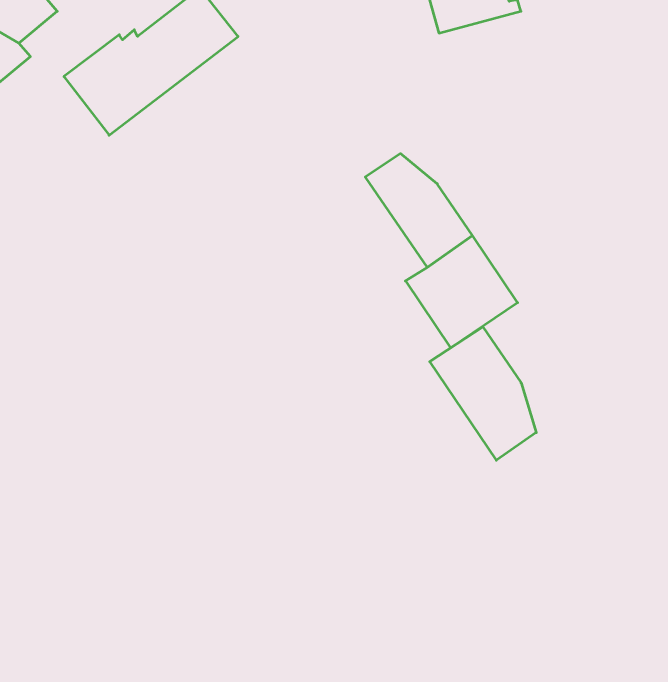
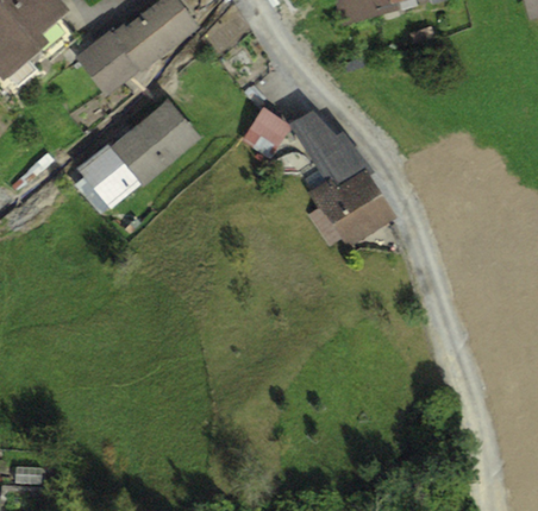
building: none -> [75,97,200,209]
building: none -> [239,107,287,157]
building: [430,327,536,460] -> none

